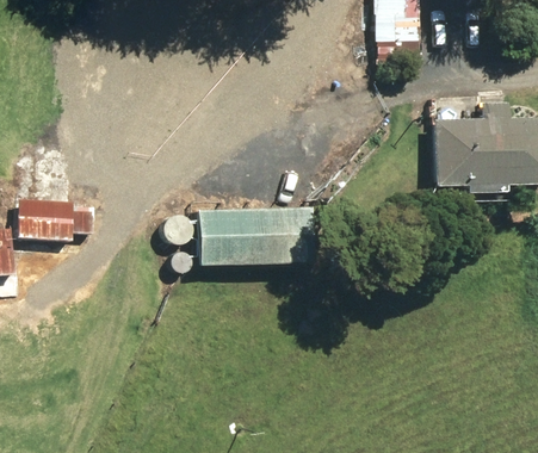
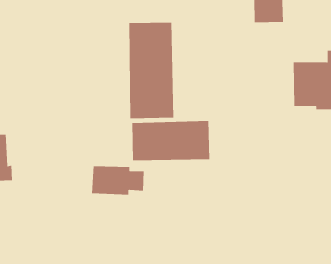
building: none -> [129,22,174,119]
building: [16,198,94,241] -> [91,166,145,195]

